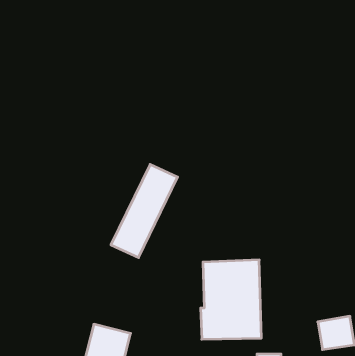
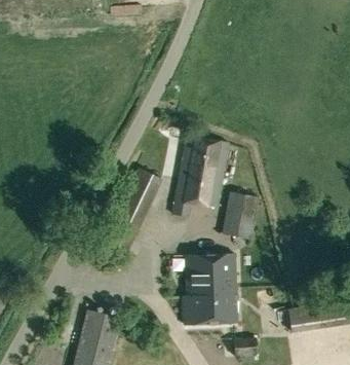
building: none -> [172,136,228,217]
building: none -> [223,192,261,239]

